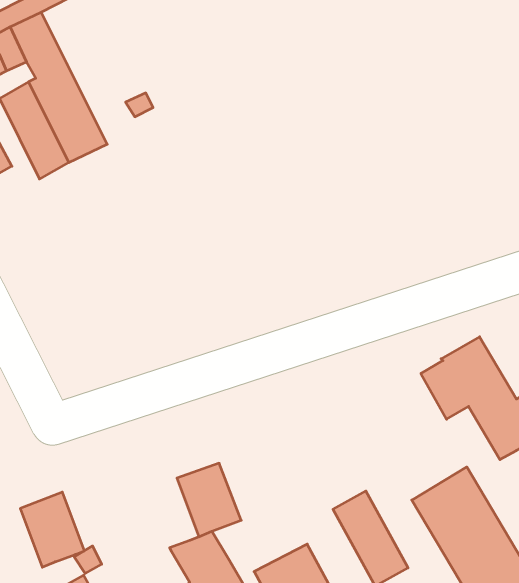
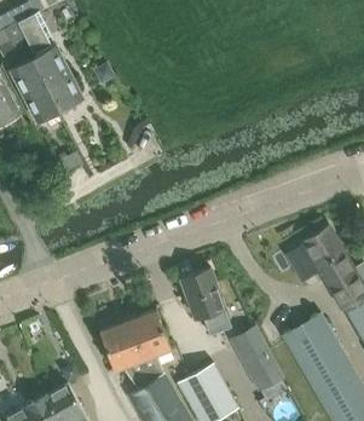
building: none -> [178,266,231,334]
building: [20,492,84,567] -> [100,319,143,369]

